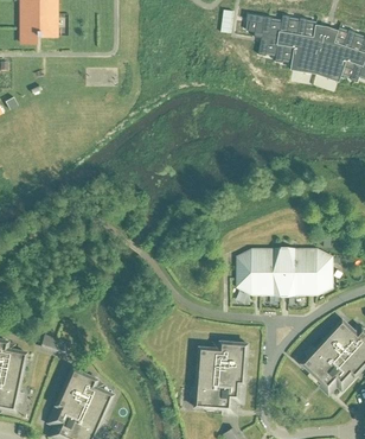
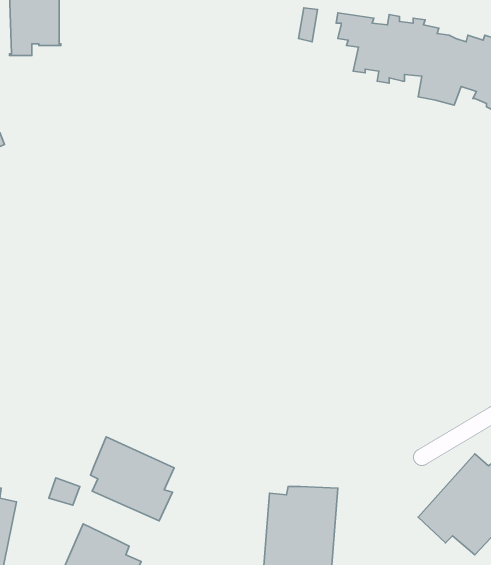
building: [238,249,332,293] -> none
building: none -> [91,437,174,521]

